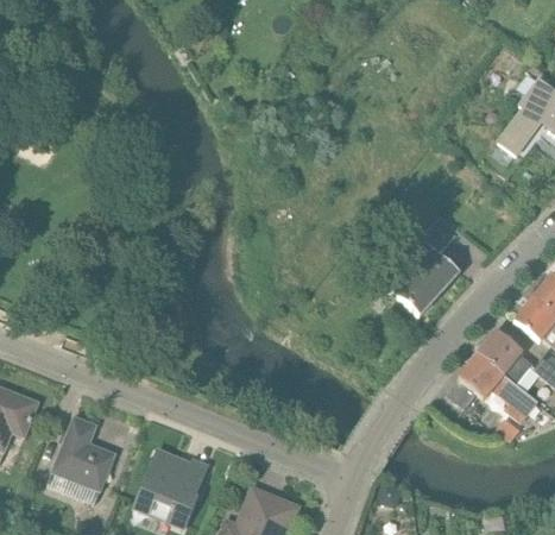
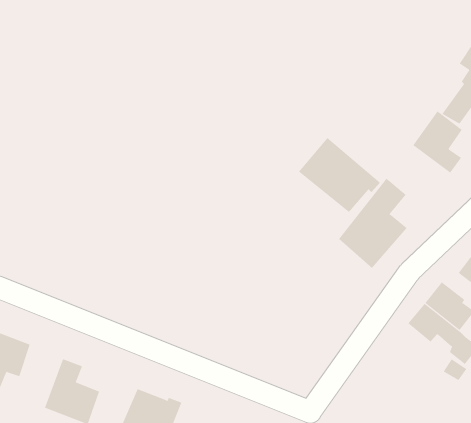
building: none -> [413,111,462,173]
building: none -> [298,137,381,213]

